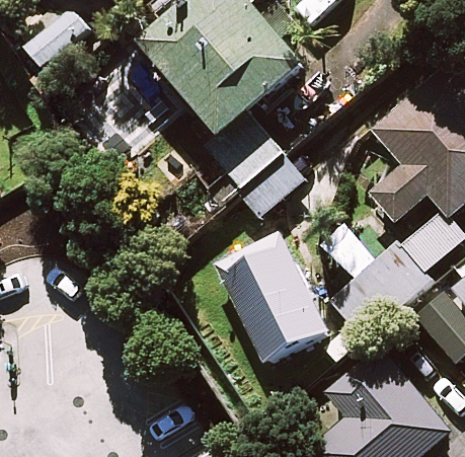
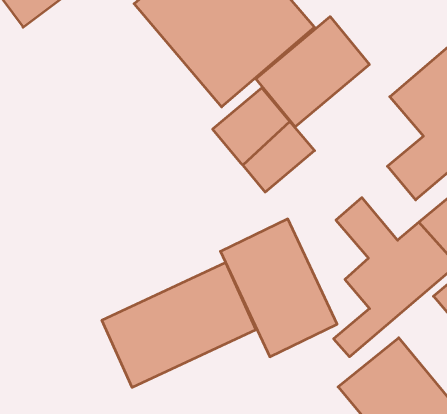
building: none -> [256,17,369,127]
building: none -> [102,262,256,387]

